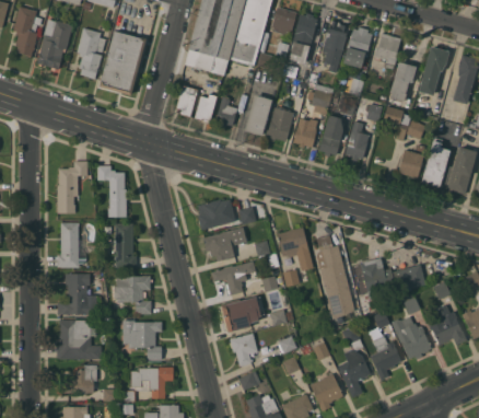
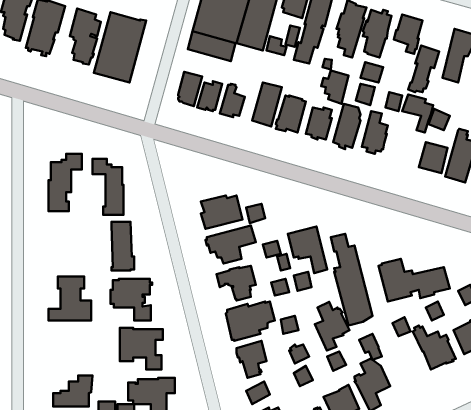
building: [57,222,86,267] -> none
building: [56,320,101,359] -> none
building: [370,335,401,380] -> [315,302,350,350]

